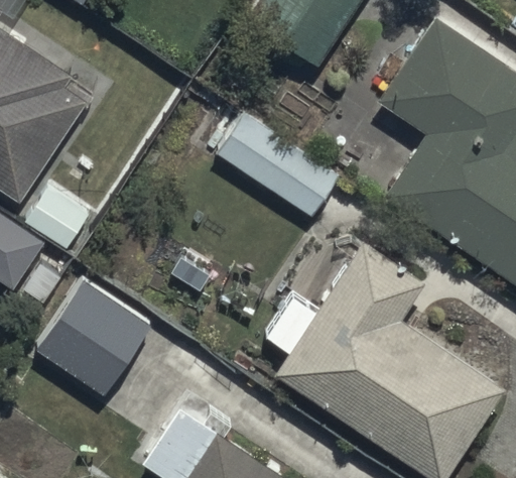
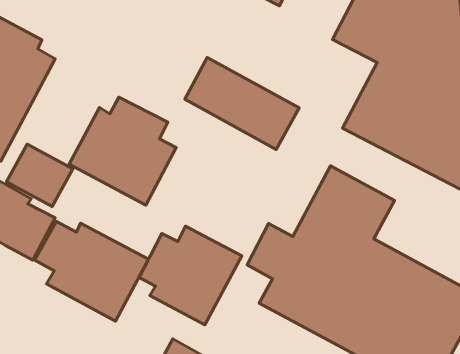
building: none -> [69,97,176,205]
building: none -> [139,226,242,325]

